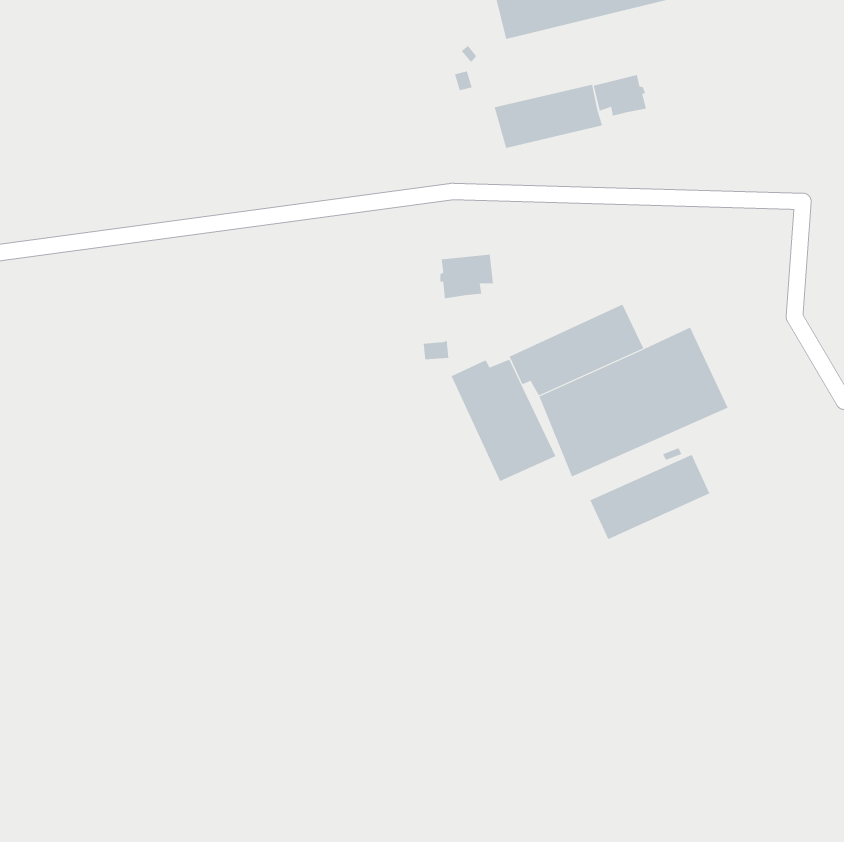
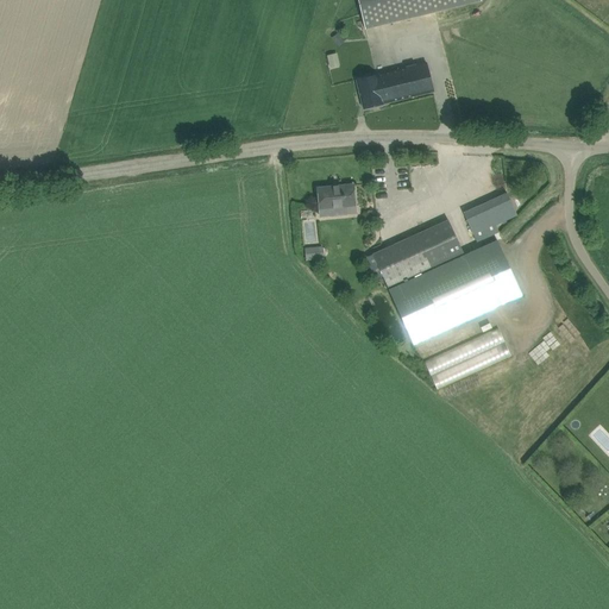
building: [593,74,647,116] -> none
building: none -> [464,192,517,241]
building: [451,359,556,482] -> none

